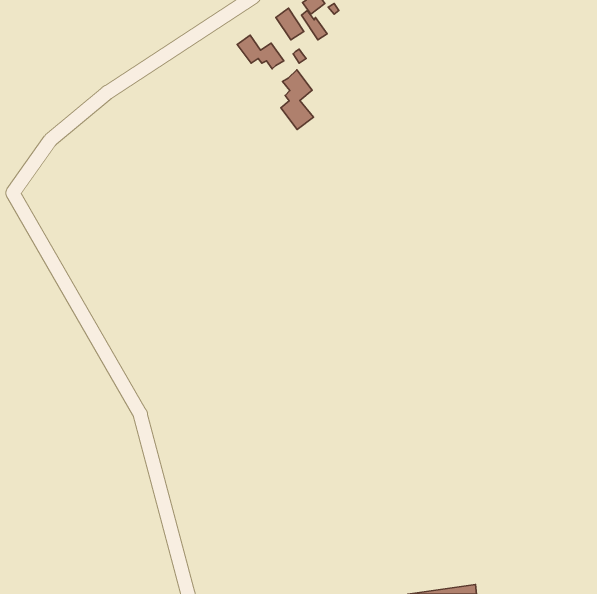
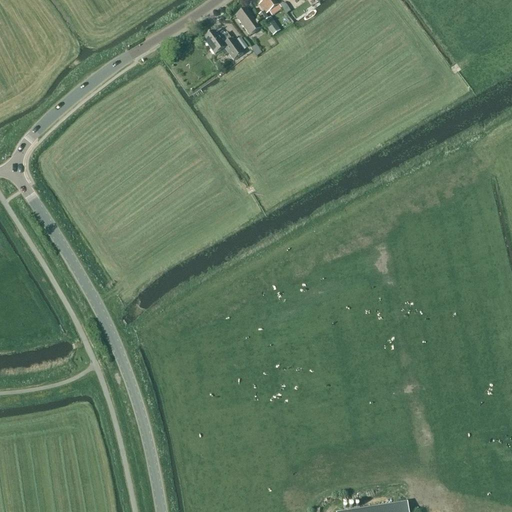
building: [281,70,313,130] -> none

